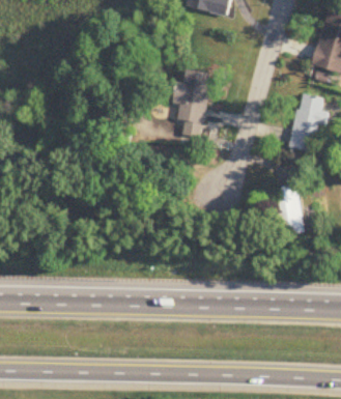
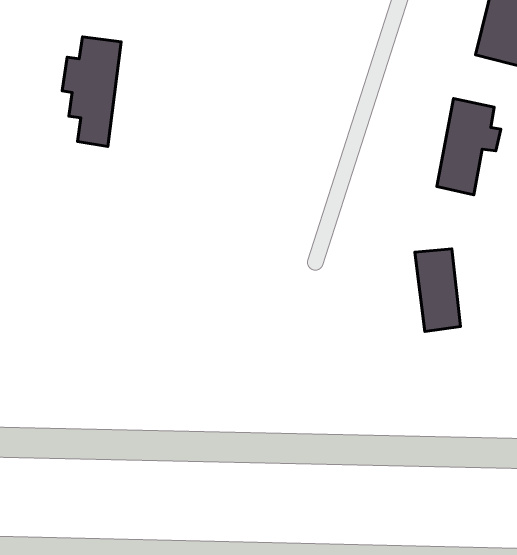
building: [172,70,208,138] -> [62,37,121,147]

